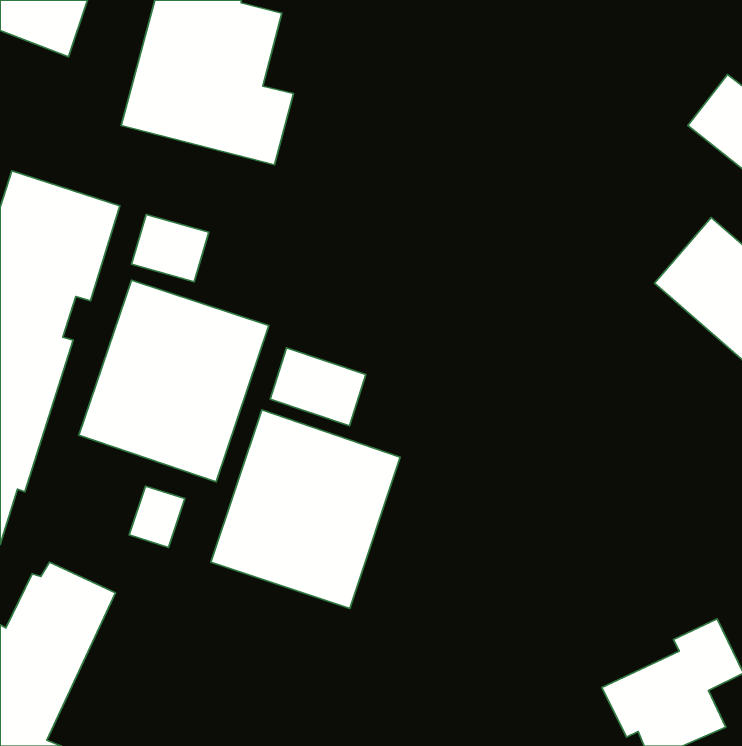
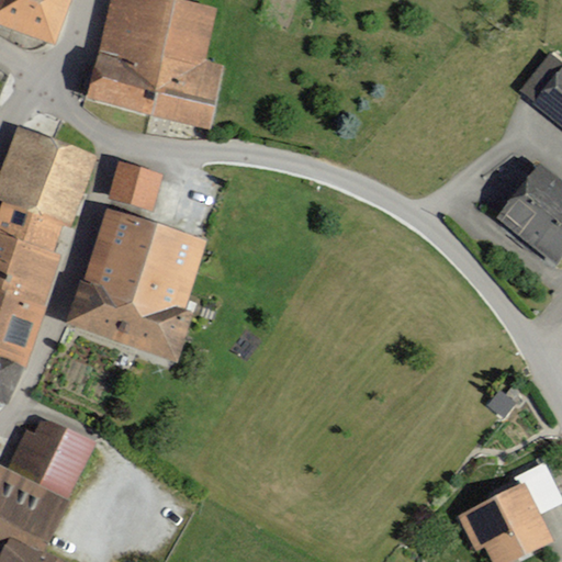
building: [270,348,366,426] -> none
building: [211,410,400,608] -> none
building: [129,486,185,547] -> none

